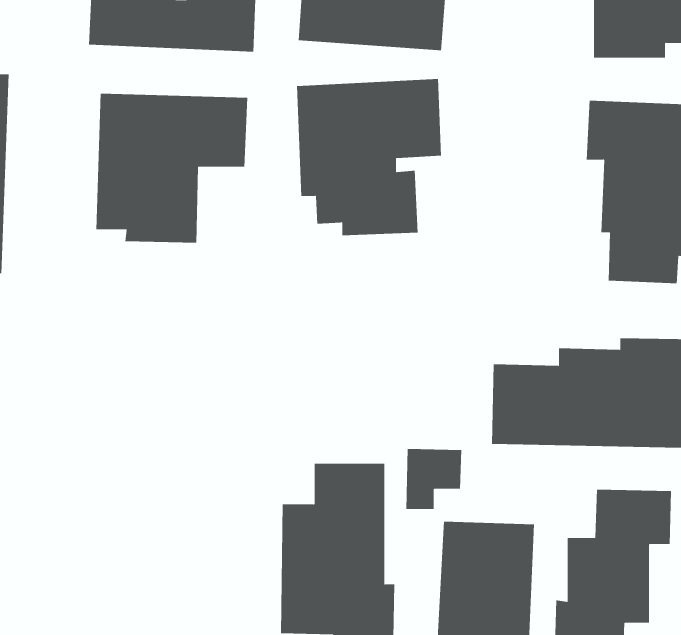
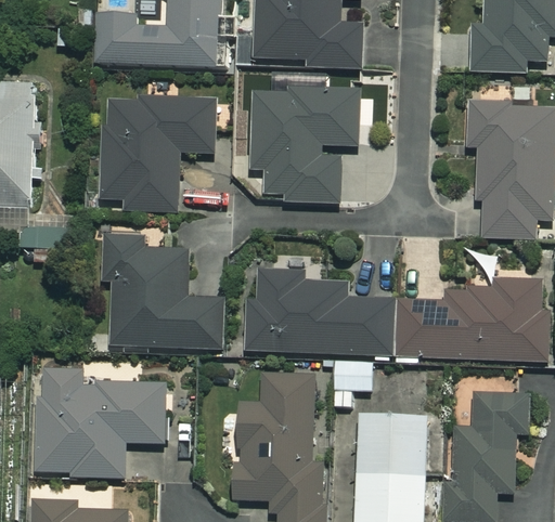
building: none -> [104,236,223,347]
building: none -> [246,270,397,357]
building: none -> [37,366,165,474]

